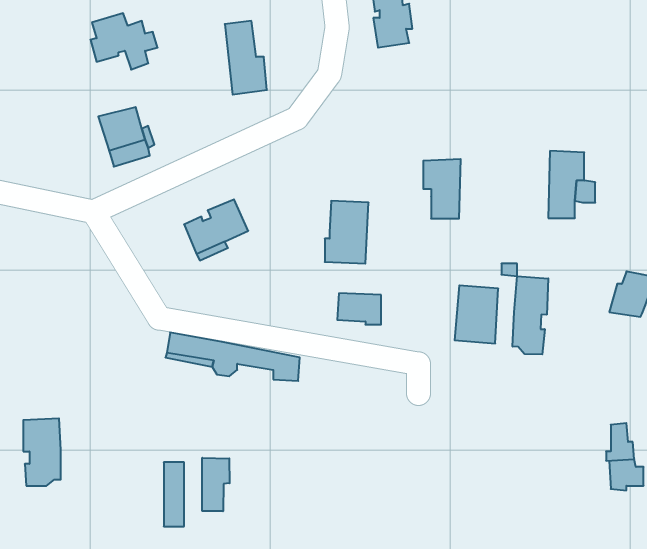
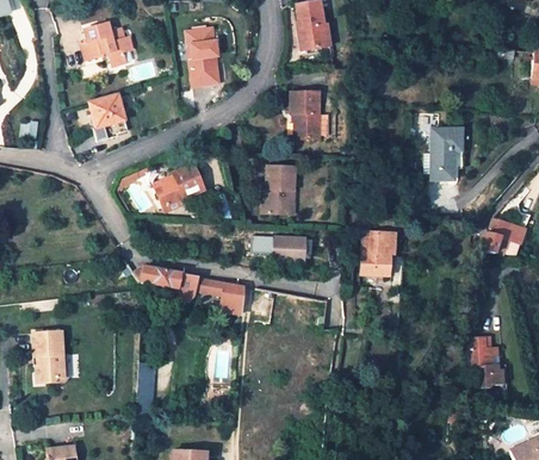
building: [423,159,461,219] -> [291,92,320,137]
building: [513,276,548,354] -> none
building: [202,458,230,511] -> none

